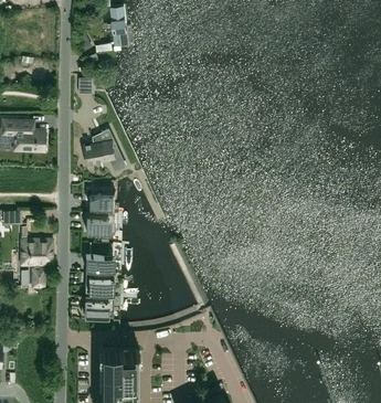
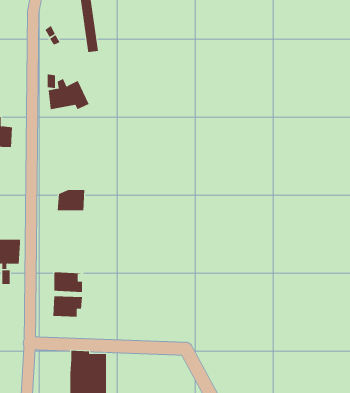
building: [82,135,124,166] -> [47,78,90,110]
building: [86,214,115,234] -> none
building: [85,255,115,275] -> none

